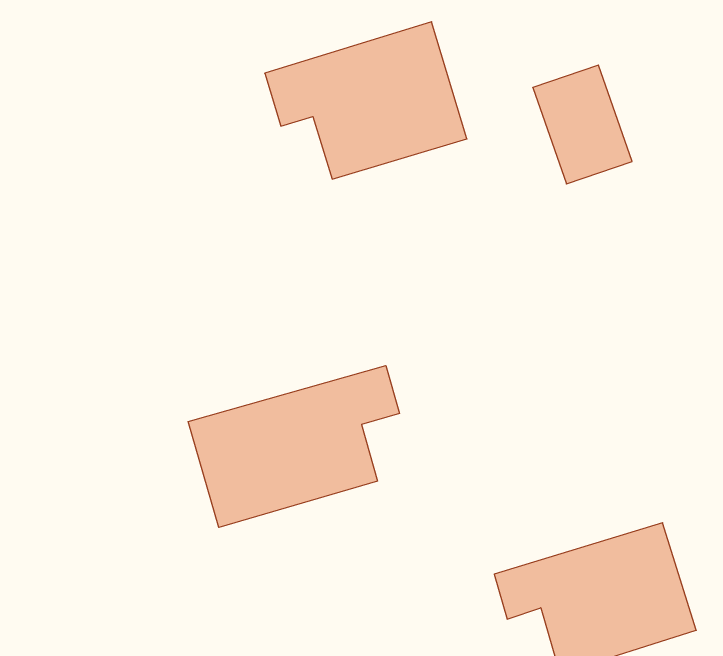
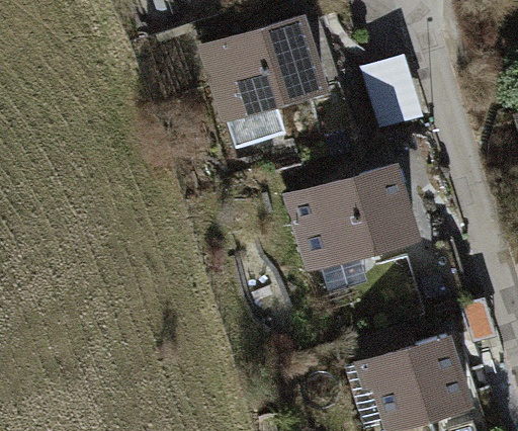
building: none -> [289,169,418,298]
building: [188,366,399,527] -> none

